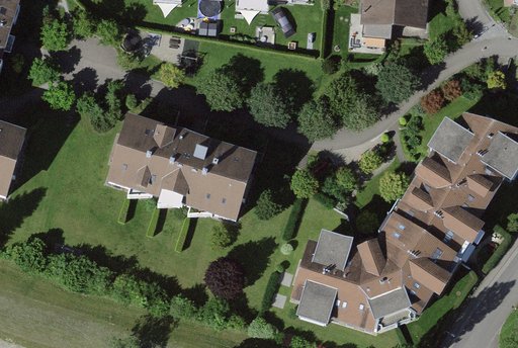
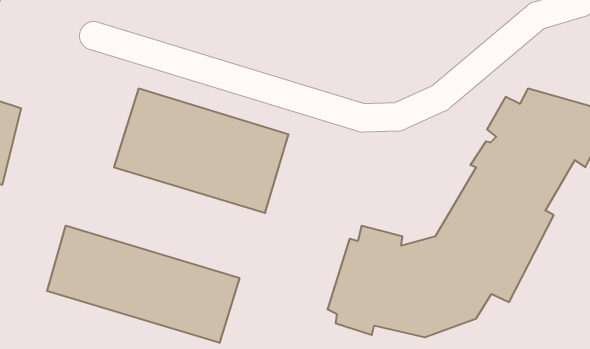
building: none -> [47,226,239,343]

